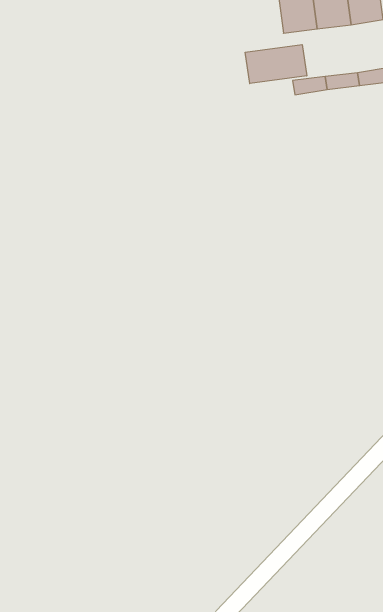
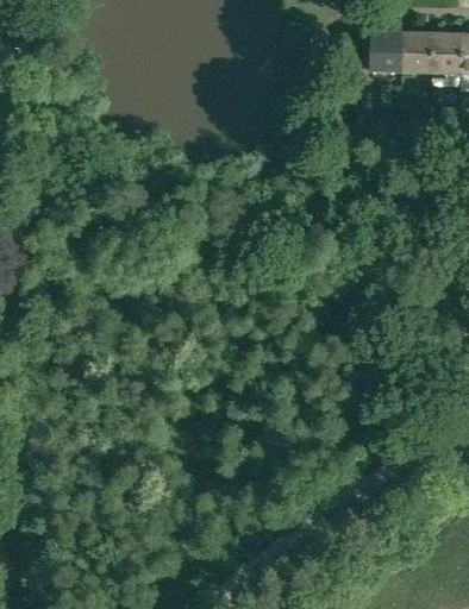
building: [245,45,307,84] -> none

